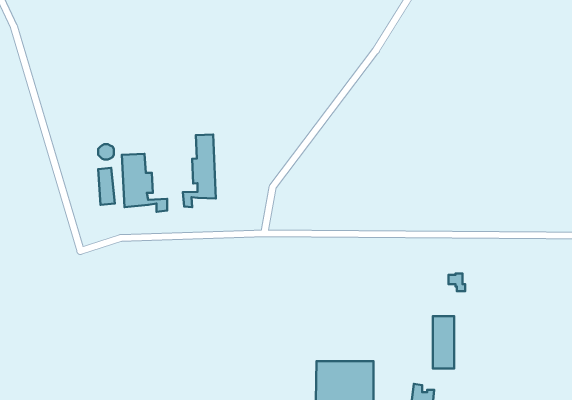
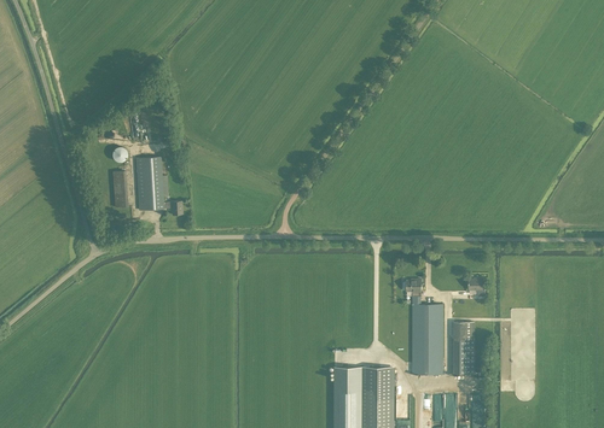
building: [183,135,216,207] -> none
building: none -> [402,280,443,375]

